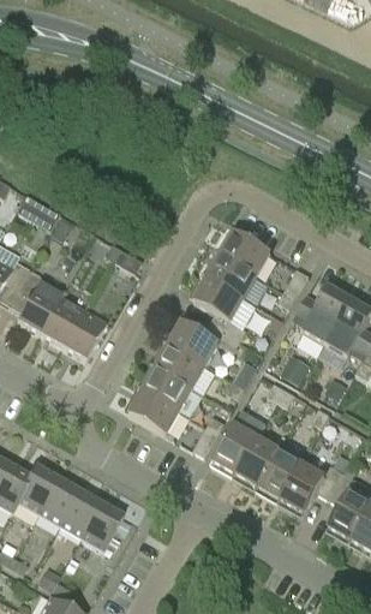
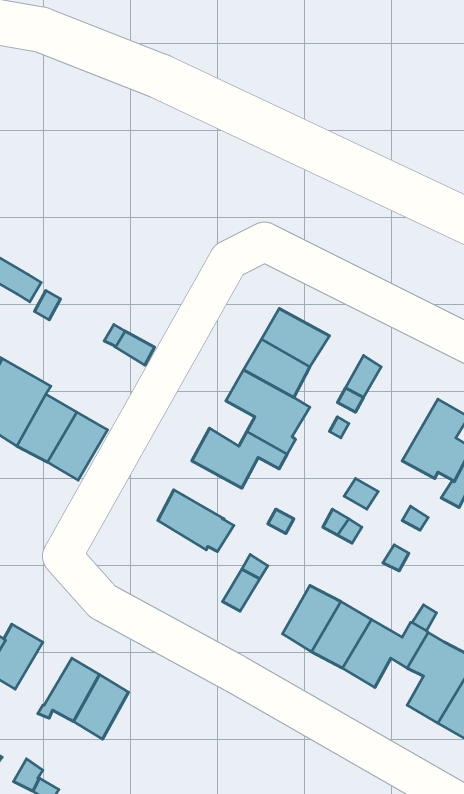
building: [292,285,351,344] -> none
building: [155,344,205,387] -> none
building: [128,388,179,433] -> none
building: [211,407,264,472] -> none
building: [37,478,79,525] -> none

